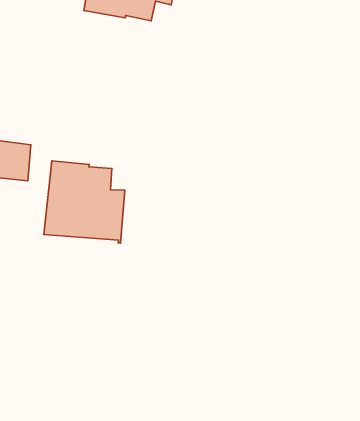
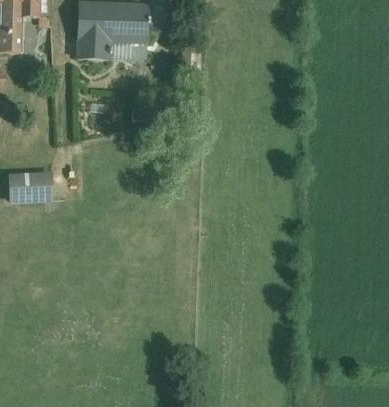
building: [44,161,125,243] -> none

